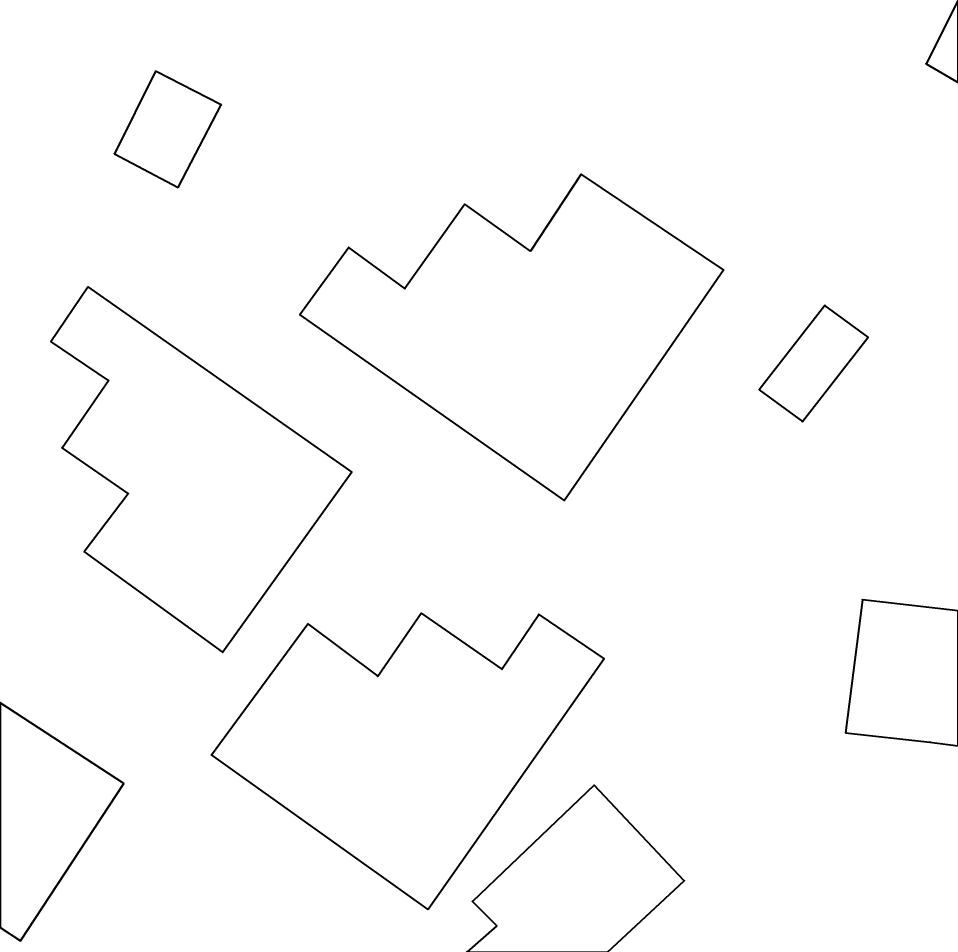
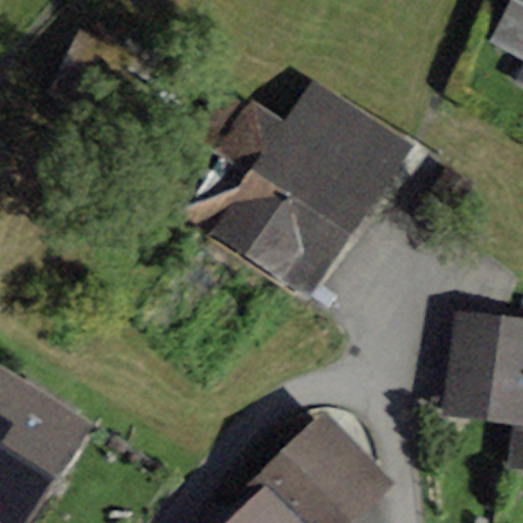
building: [51,287,352,652] -> none
building: [211,613,604,909] -> none

